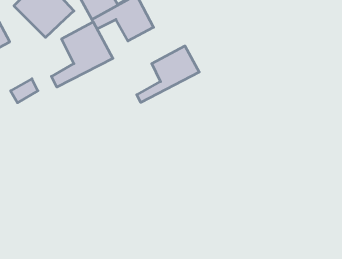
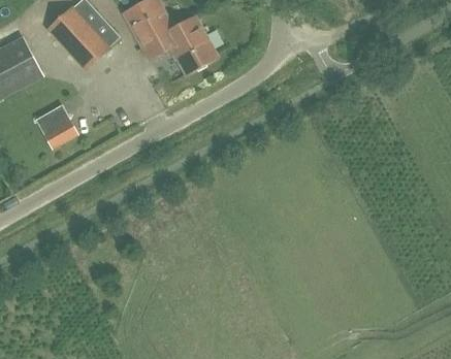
building: [51,22,113,87] -> none
building: [137,46,199,102] -> none

